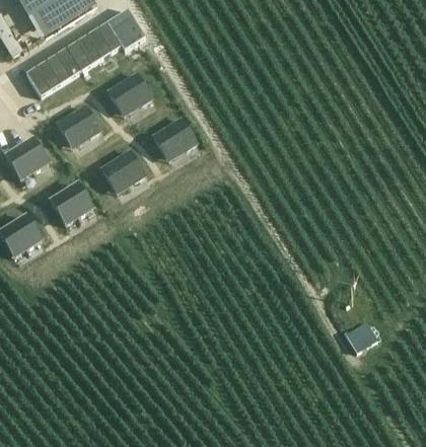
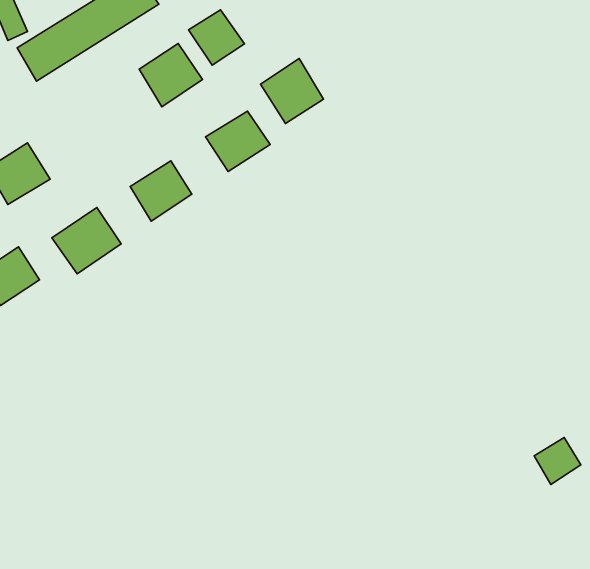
building: none -> [189,10,245,65]
building: none -> [260,59,324,123]
building: [58,105,100,147] -> none
building: [346,321,377,353] -> [534,438,581,484]

